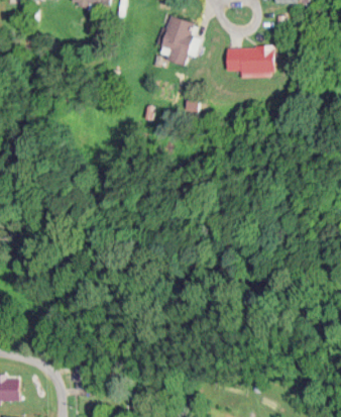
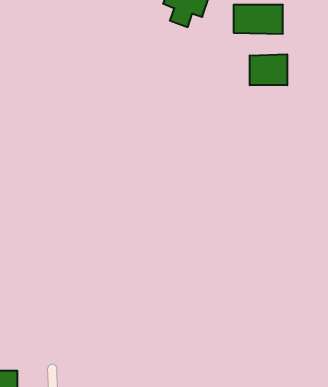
building: none -> [250,54,287,85]

